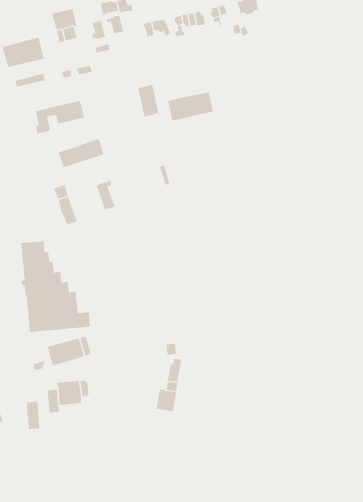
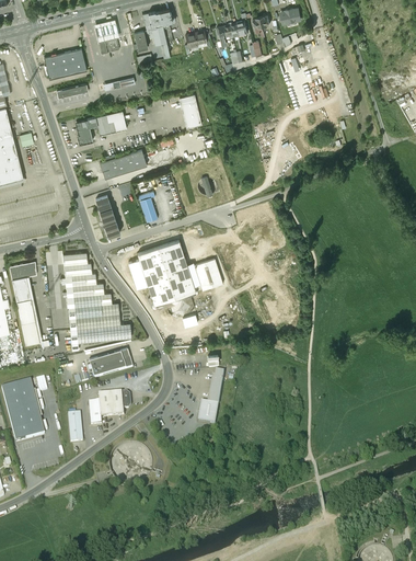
building: [168,92,213,121] -> none
building: none -> [137,241,197,310]
building: none -> [194,260,223,290]

